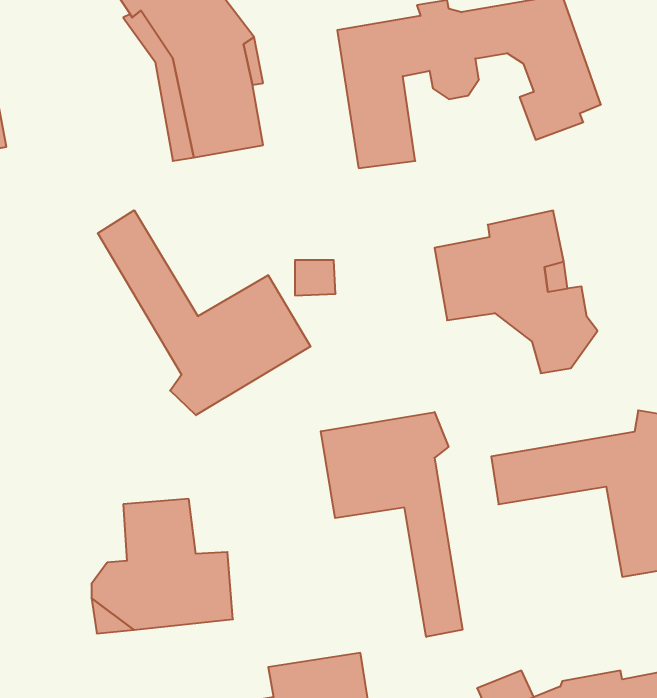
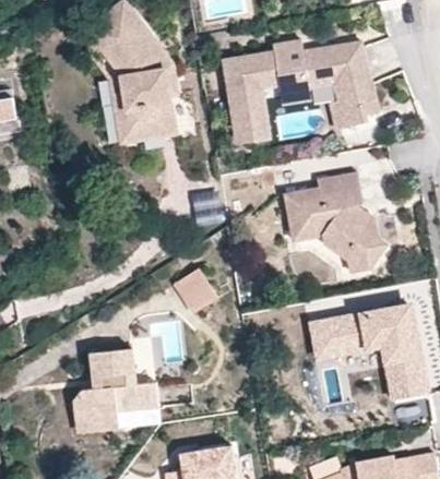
building: [98,210,311,415] -> none
building: none -> [173,267,216,312]
building: [321,412,462,637] -> none

